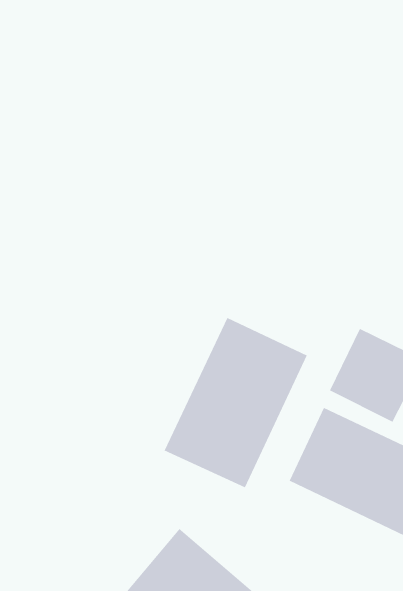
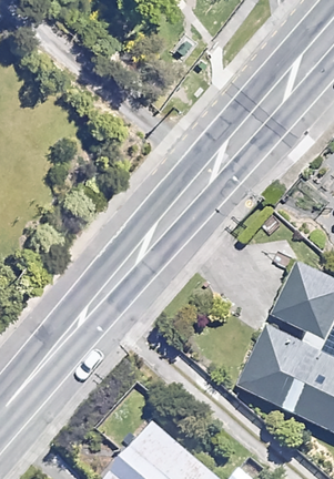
building: [164,317,307,488] -> none

